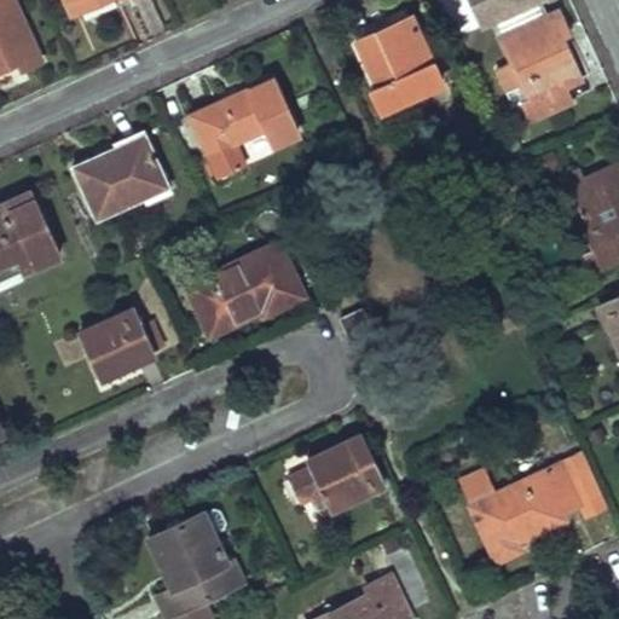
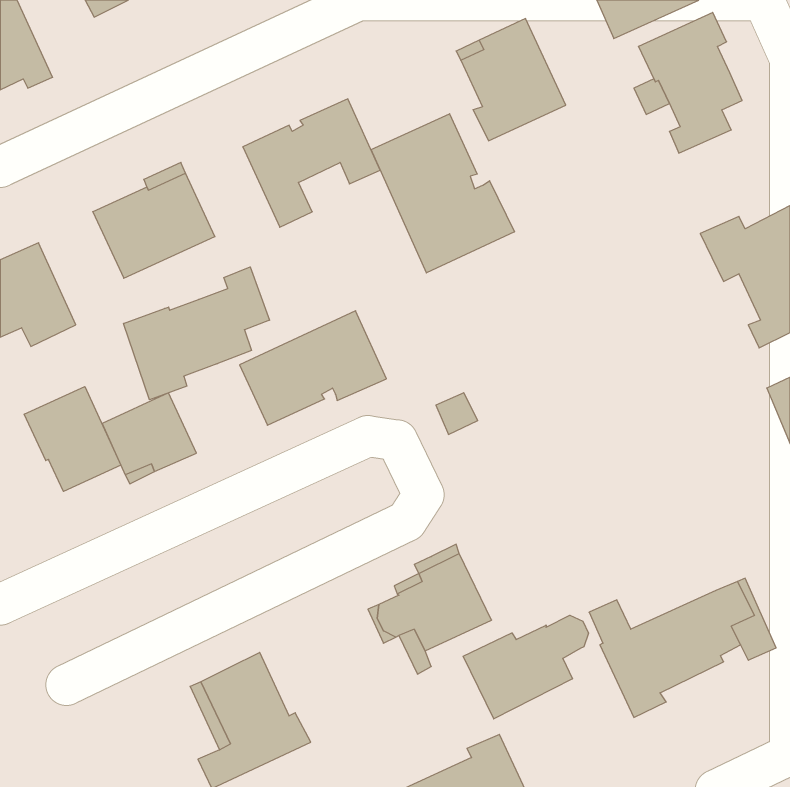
building: none -> [371,114,514,273]
building: none -> [124,267,270,400]
building: none -> [24,387,121,491]
building: none -> [463,615,588,719]

